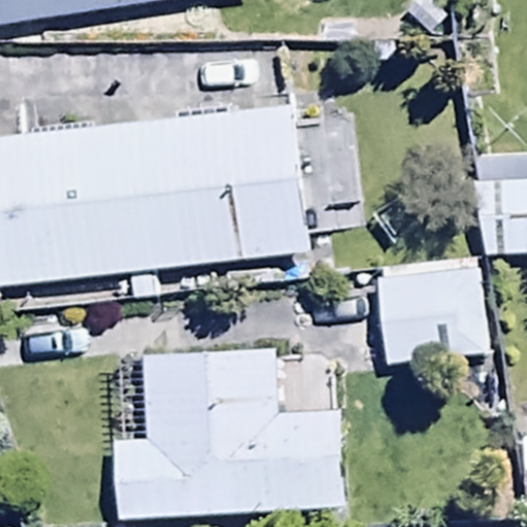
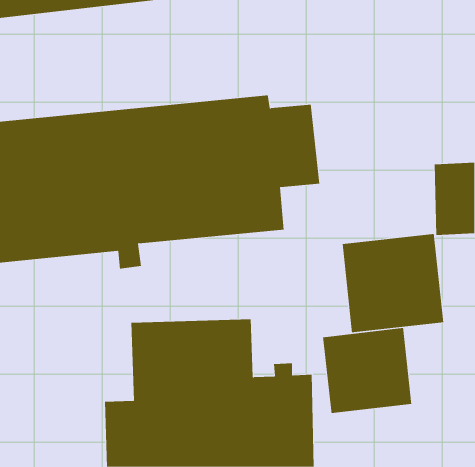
building: none -> [323,327,412,414]

